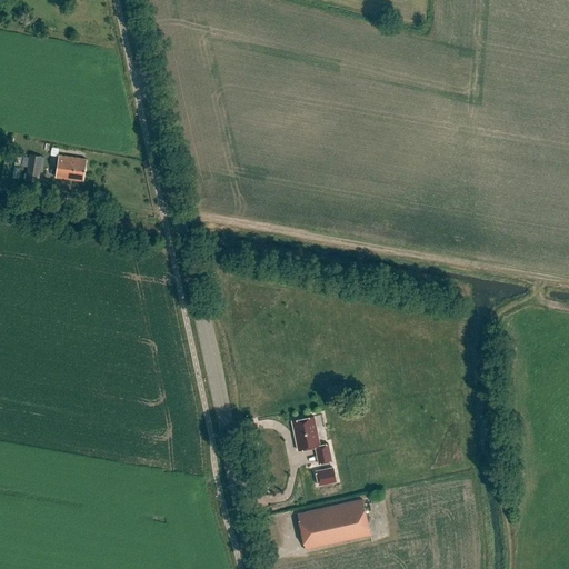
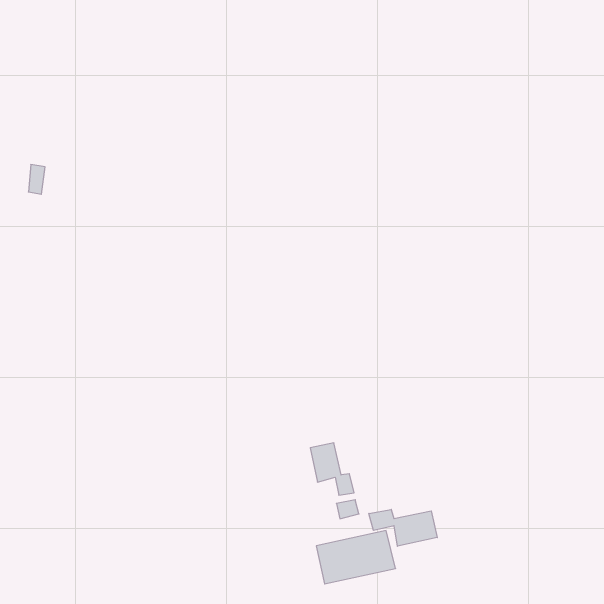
building: [56,156,87,181] -> none
building: none -> [369,509,437,546]

